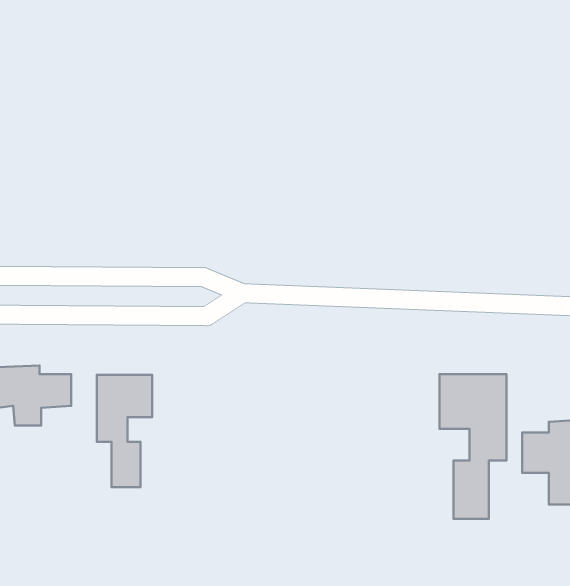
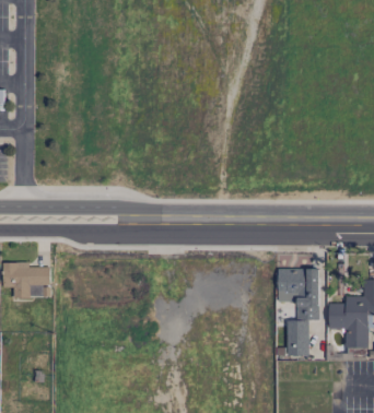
building: [97,375,152,487] -> none

